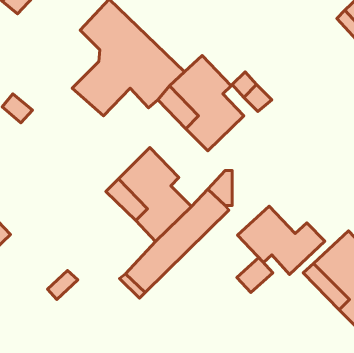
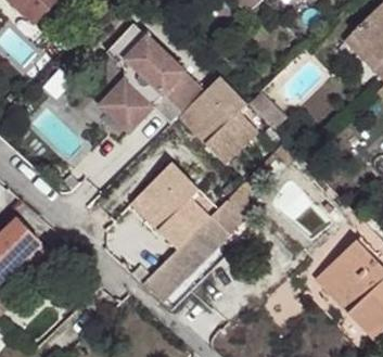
building: [238,206,325,275] -> none

